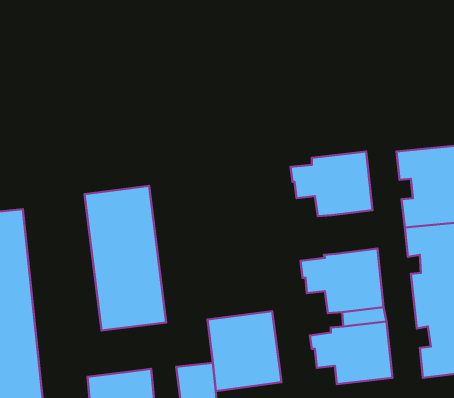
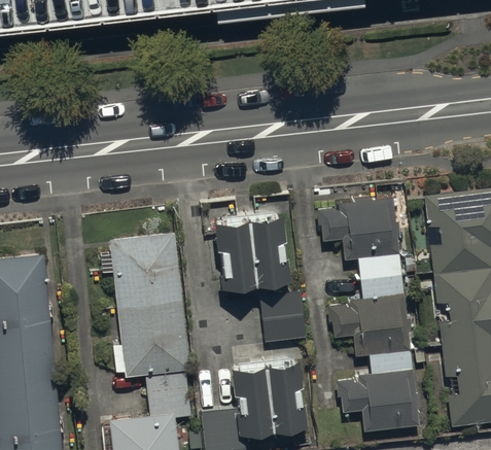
building: none -> [216,216,290,292]
building: none -> [359,256,406,301]
building: none -> [259,295,306,347]
building: none -> [146,376,192,421]

